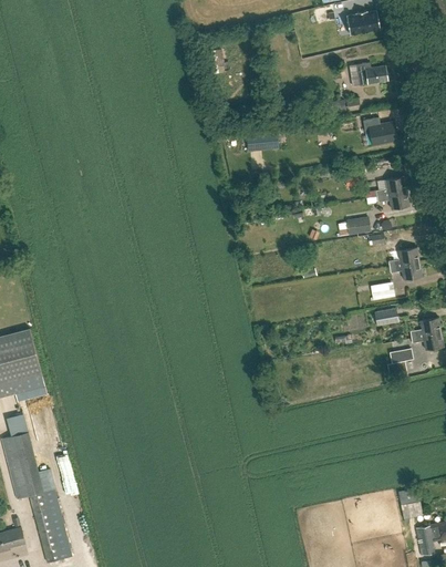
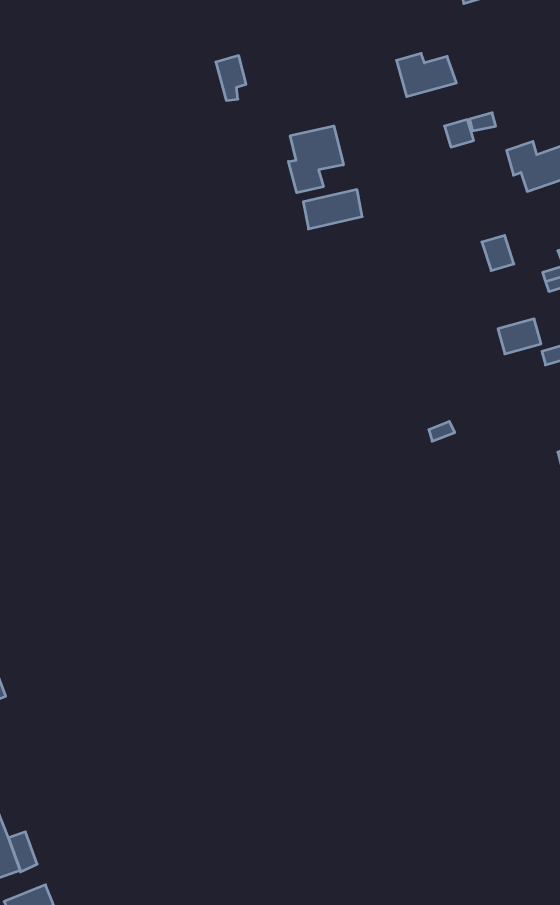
building: [355,62,387,85] -> [396,53,456,97]
building: none -> [288,126,343,193]

